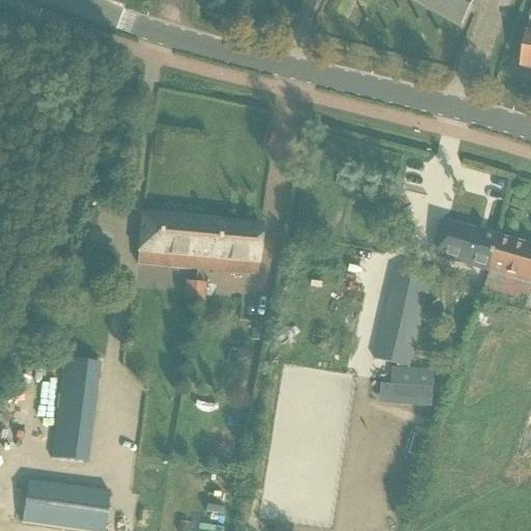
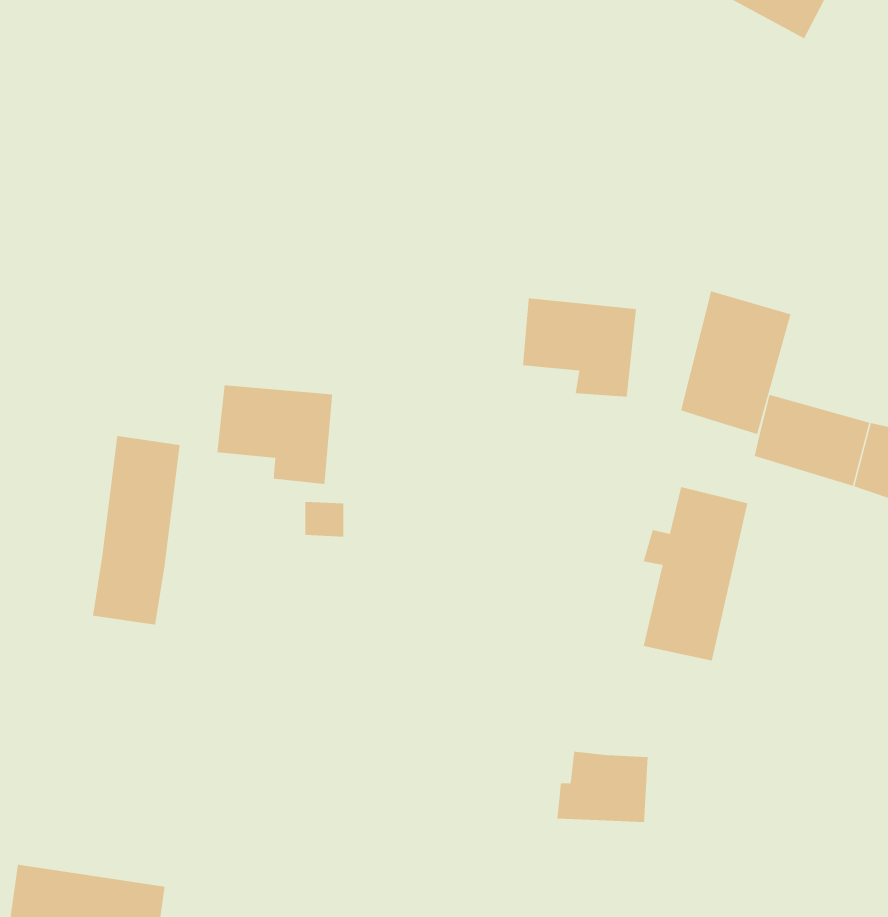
building: none -> [681,291,791,435]
building: [200,221,263,276] -> [522,298,637,397]
building: [52,359,101,464] -> [92,435,180,625]
building: [385,366,436,406] -> [557,751,649,822]

